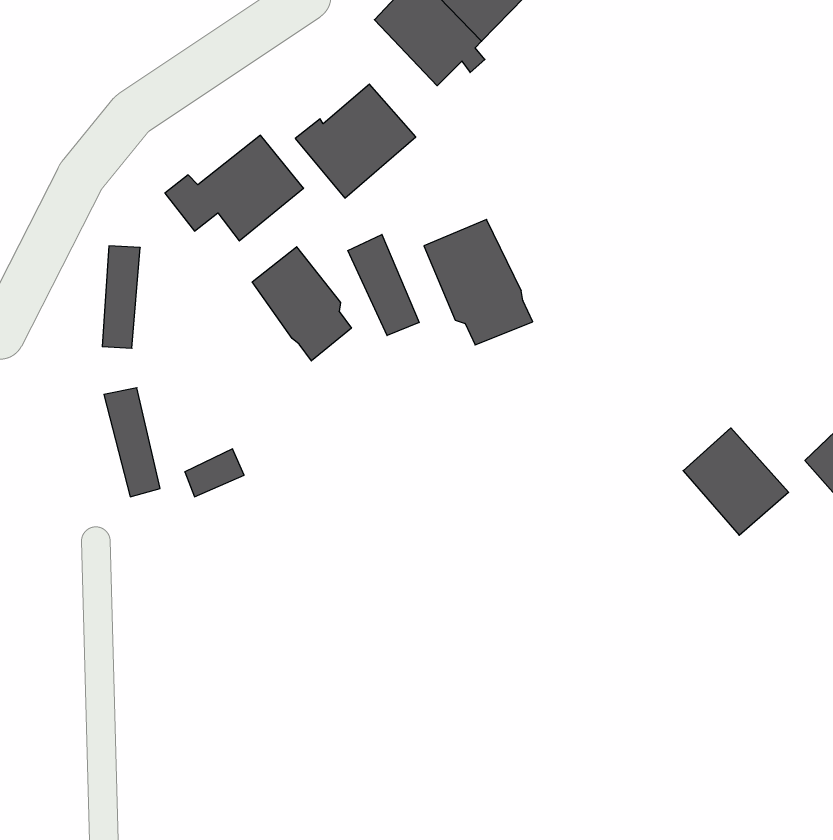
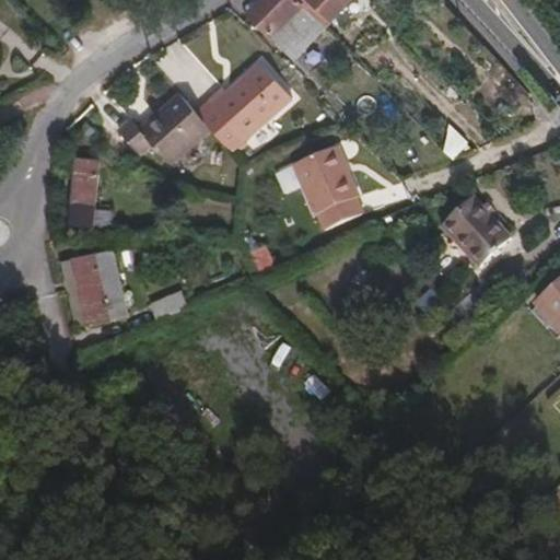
building: [348,234,419,336] -> none
building: [252,247,351,361] -> none
building: [683,428,789,535] -> [446,201,516,272]

